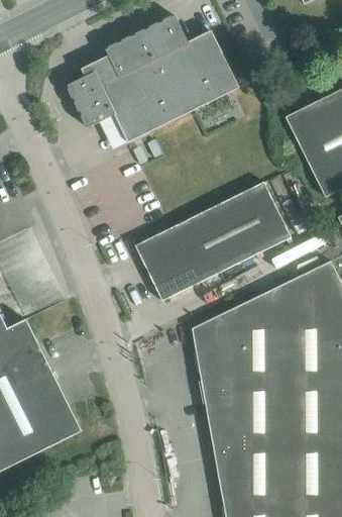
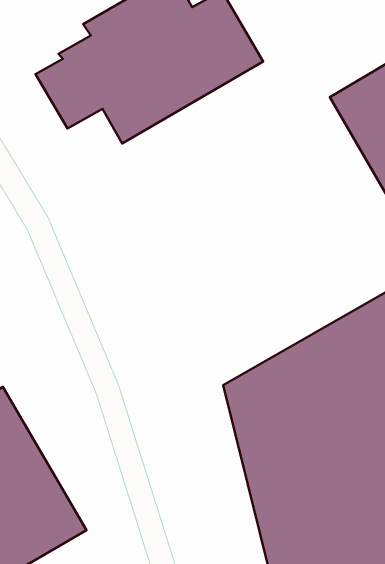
building: [135,182,292,301] -> none

